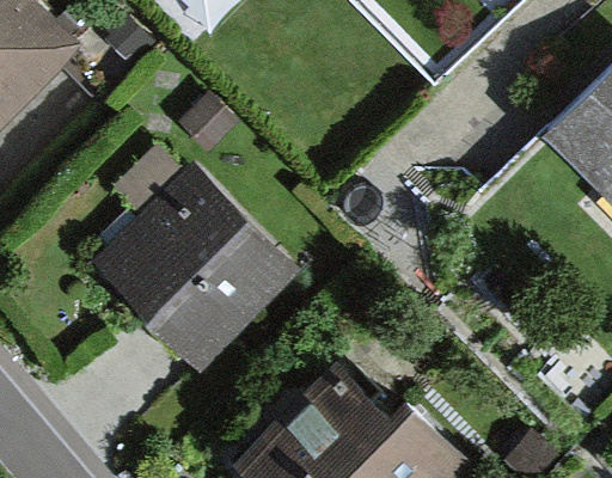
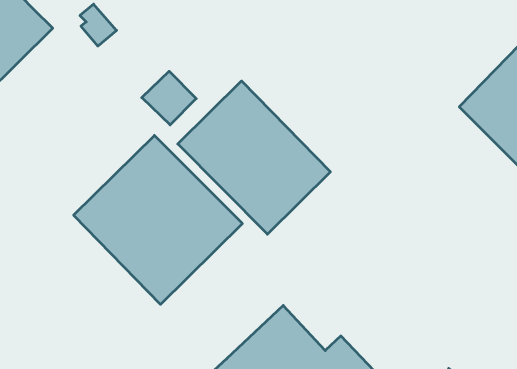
building: none -> [178,81,330,234]

